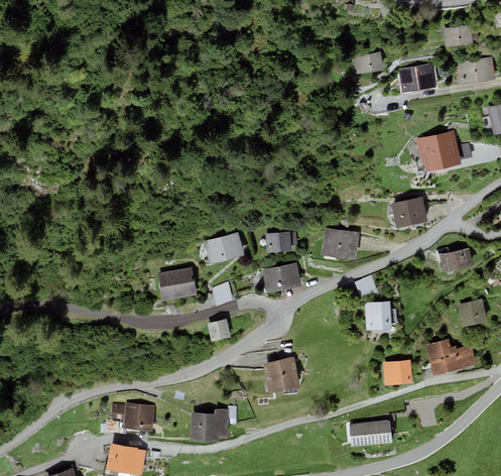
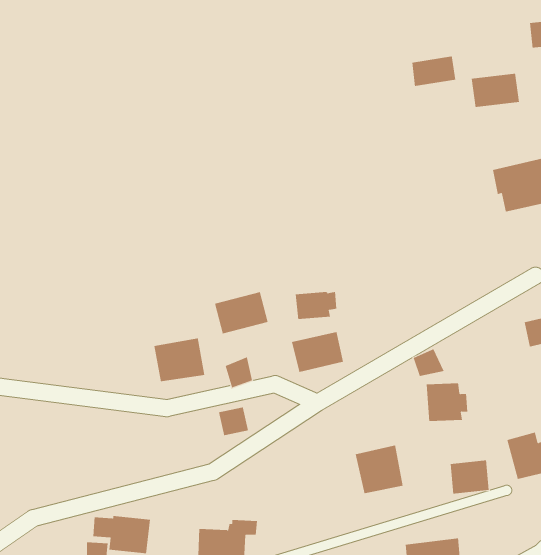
building: [390,197,426,228] -> none
building: [320,227,359,259] -> none
building: [262,356,299,393] -> [355,445,404,494]

